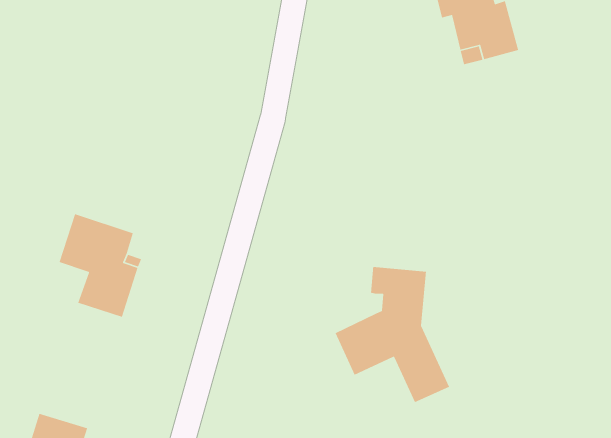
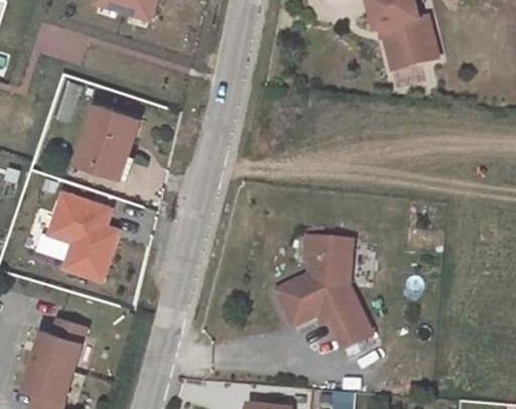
building: none -> [78,104,137,170]
building: none -> [34,316,89,368]

